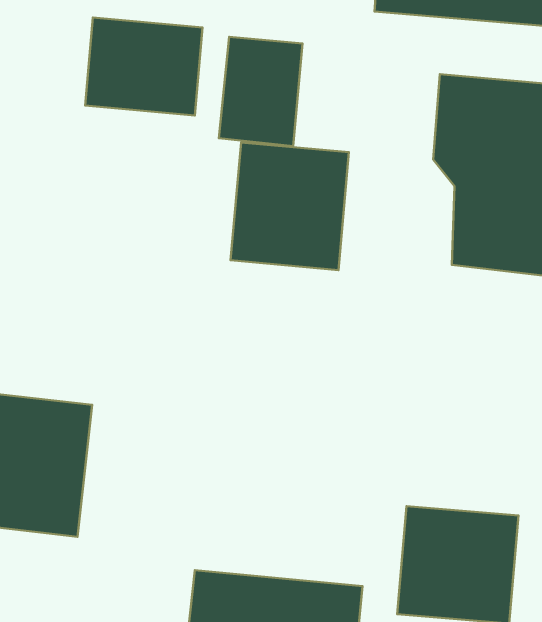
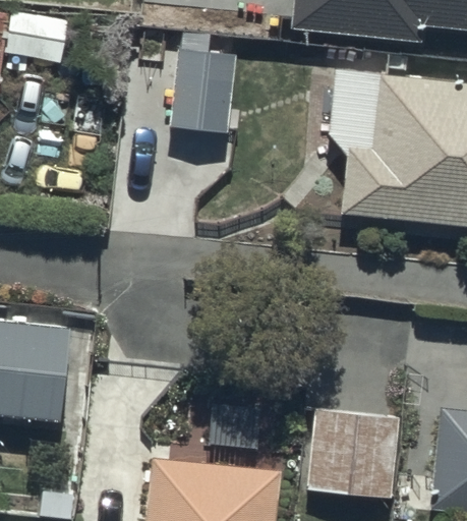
building: [85,18,203,115] -> none
building: [231,143,349,270] -> none

